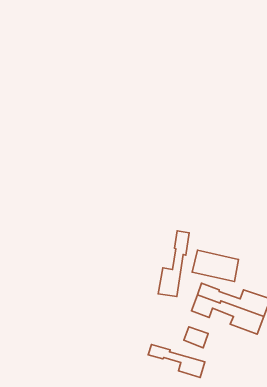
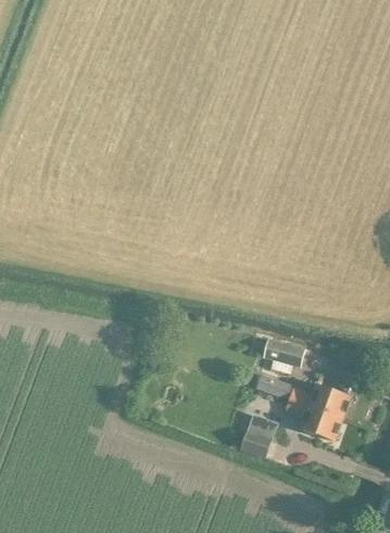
building: [158,231,189,297] -> none
building: [148,344,205,378] -> none

